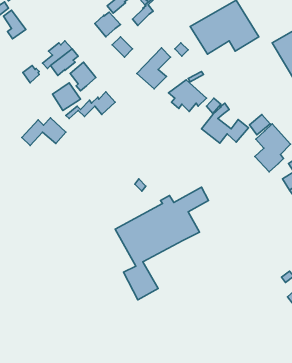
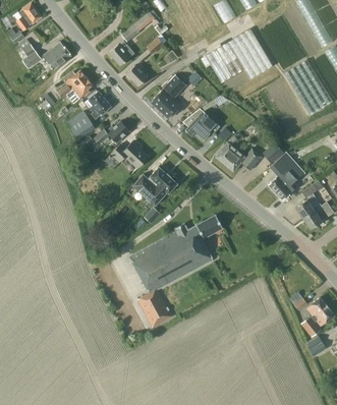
building: none -> [43,42,72,69]
building: [22,118,66,146] -> [105,141,149,169]
building: none -> [133,166,178,205]

